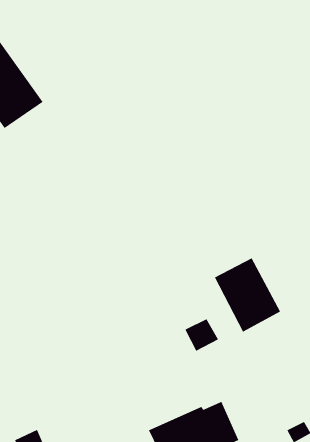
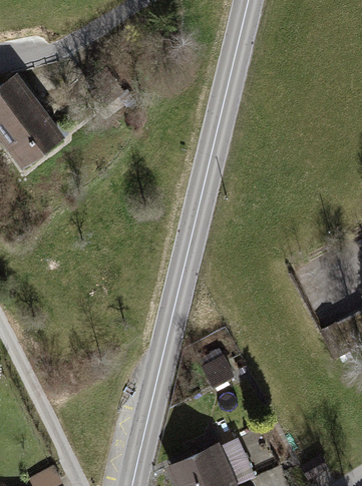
building: [214,257,281,332] -> none

